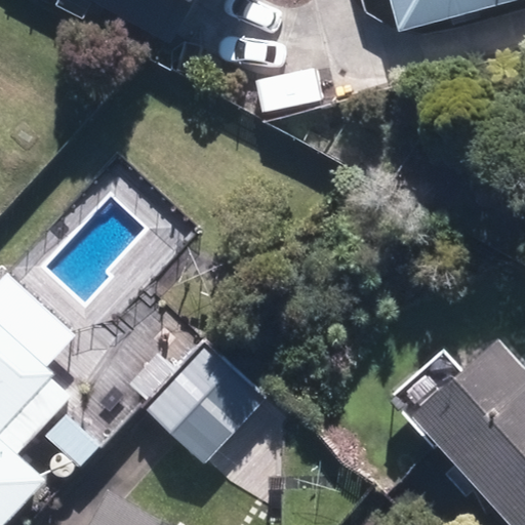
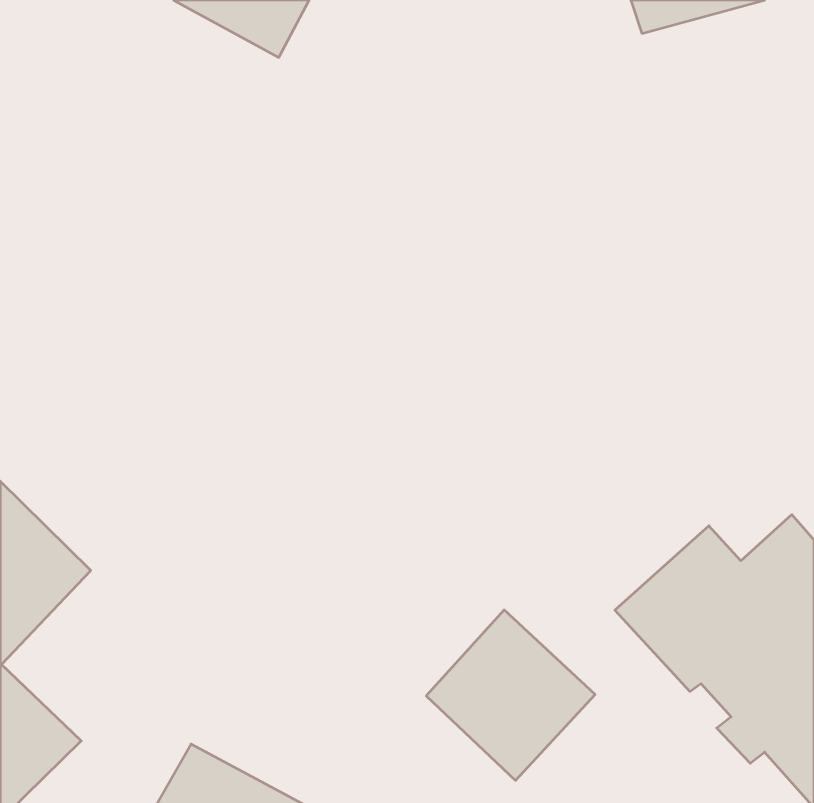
building: [162,353,271,462] -> [426,610,595,780]

